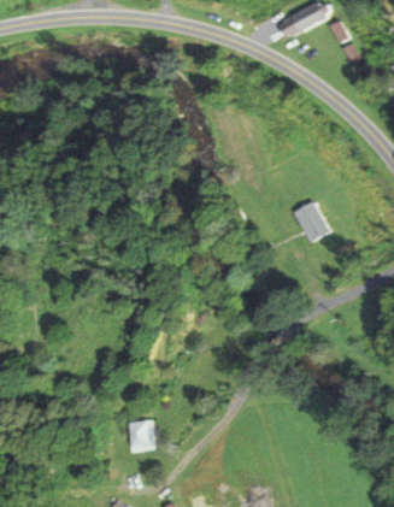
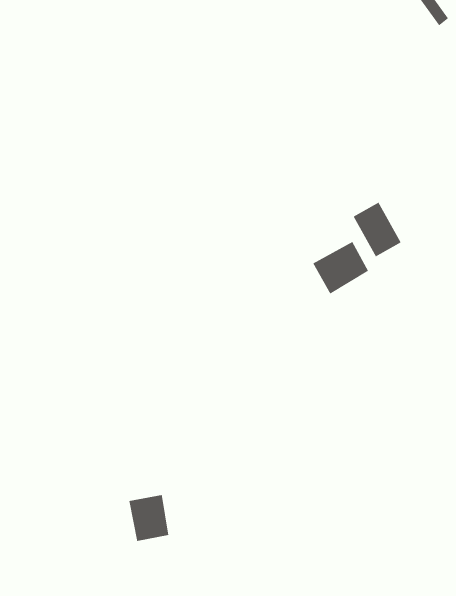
building: none -> [313,241,369,294]

